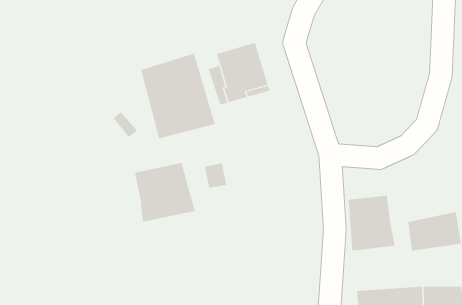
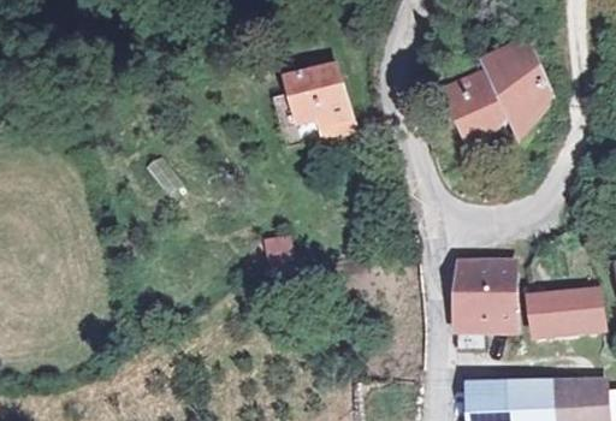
building: none -> [440,37,538,142]
building: [141,53,216,139] -> none
building: [135,162,195,222] -> none

